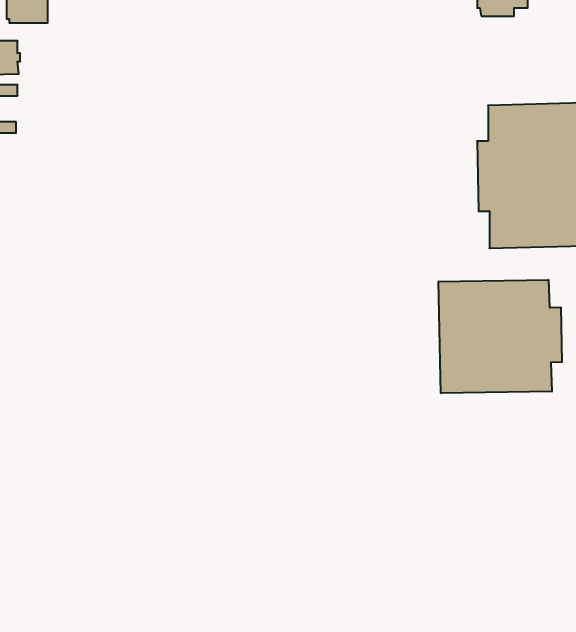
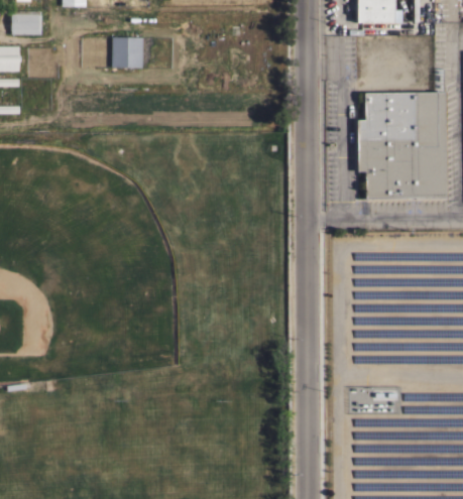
building: none -> [112,37,143,68]
building: [439,280,562,393] -> none

